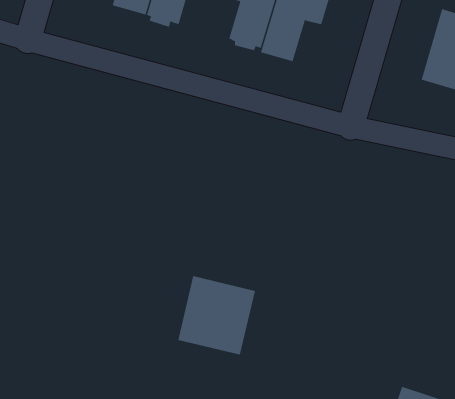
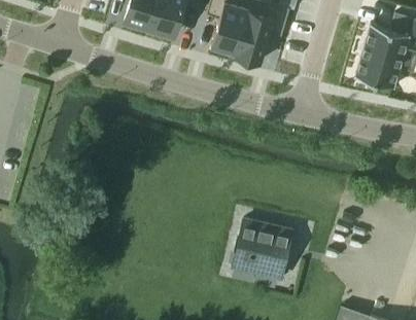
building: [177,276,256,355] -> [233,219,291,279]

